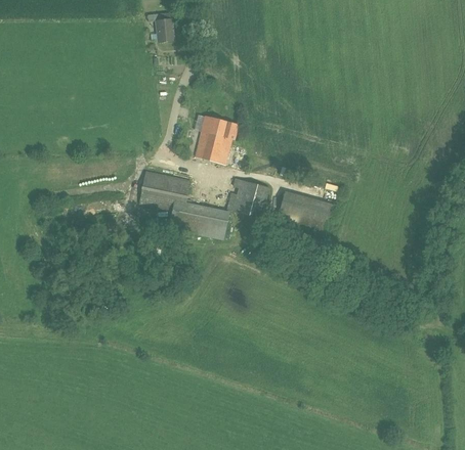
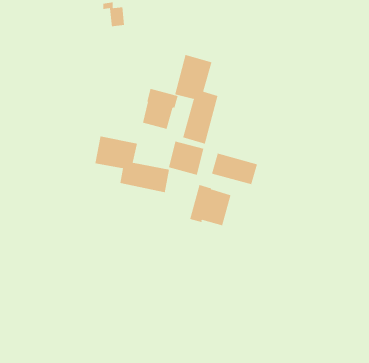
building: none -> [174,54,218,145]
building: none -> [189,184,231,226]

